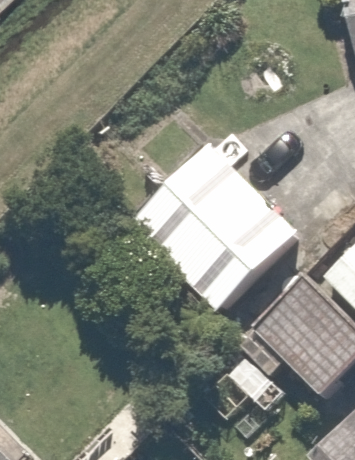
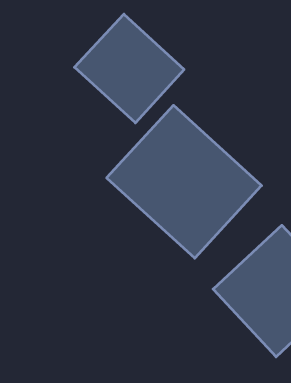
building: none -> [74,14,184,123]

